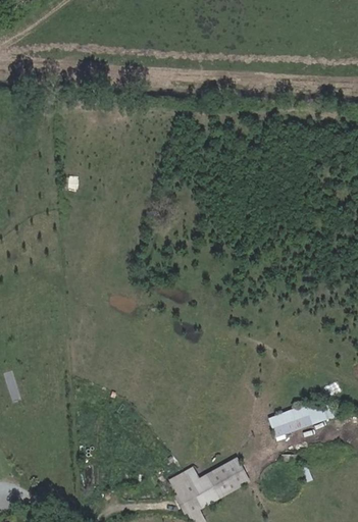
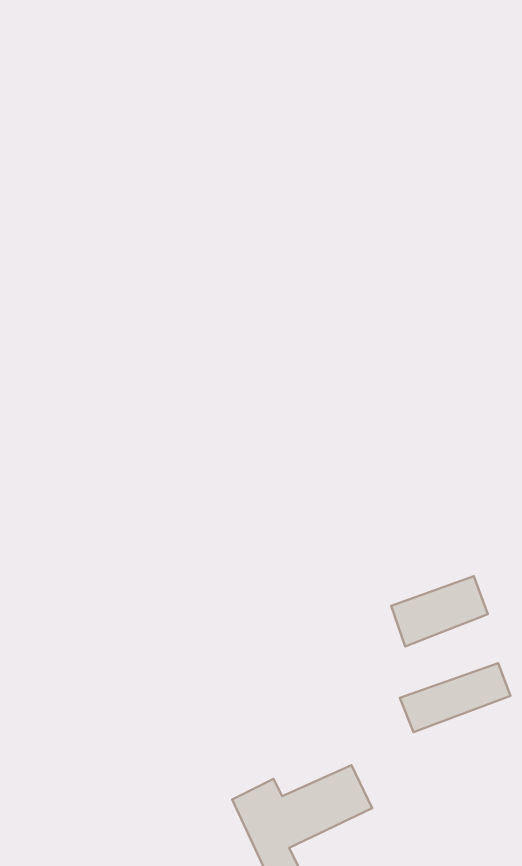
building: none -> [391,576,488,646]

